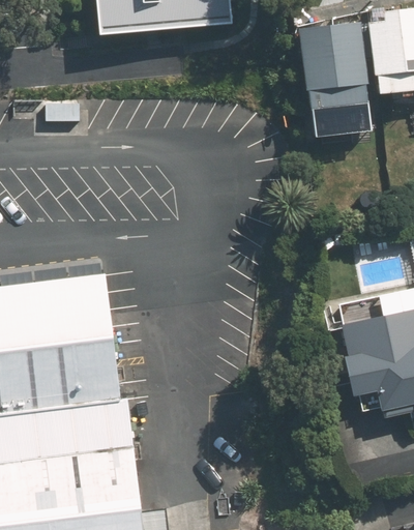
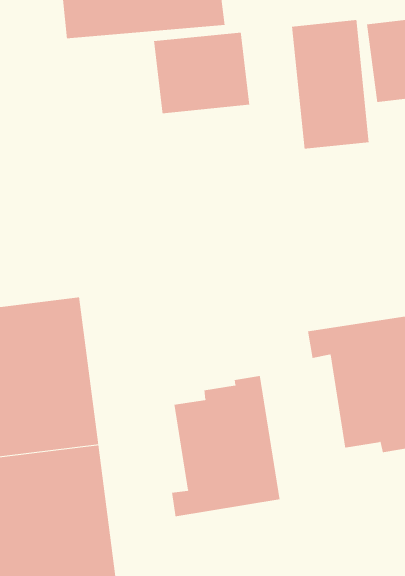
building: none -> [154,32,250,114]
building: none -> [171,375,280,517]

